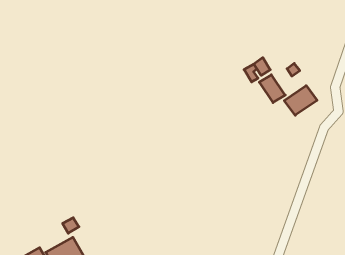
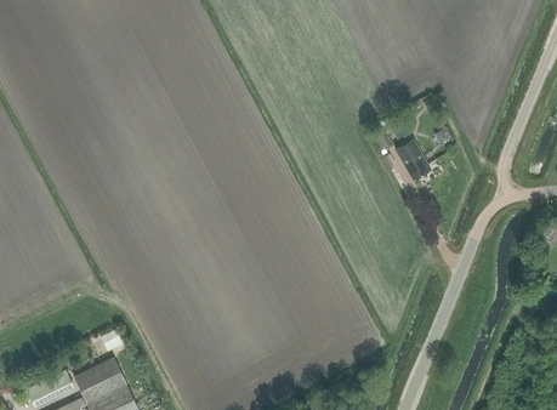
building: [284,86,317,115] -> none

